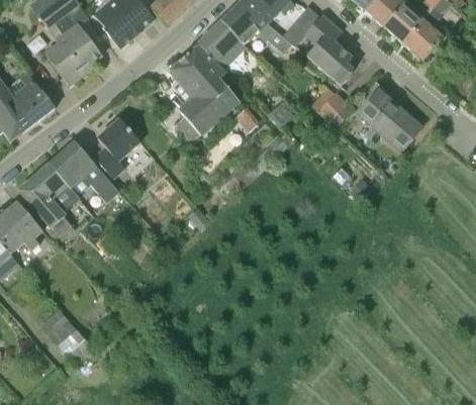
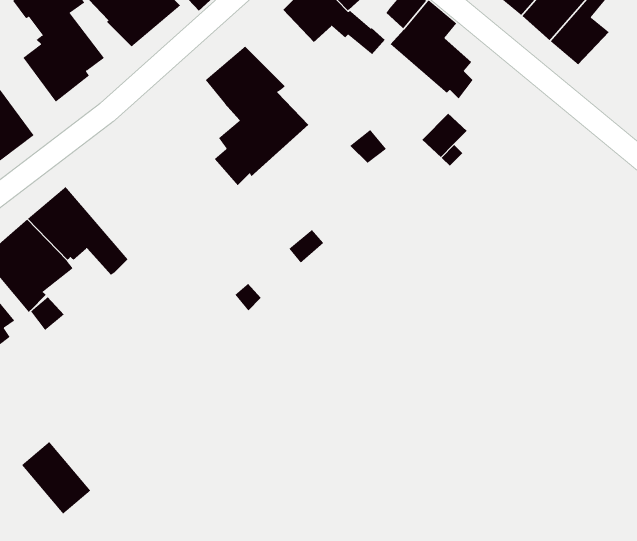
building: [198,21,245,69] -> none
building: [356,87,421,149] -> none
building: [93,116,139,177] -> none

